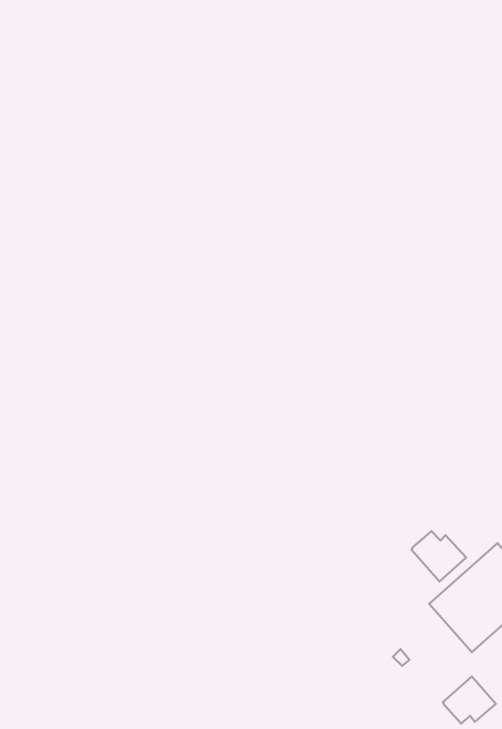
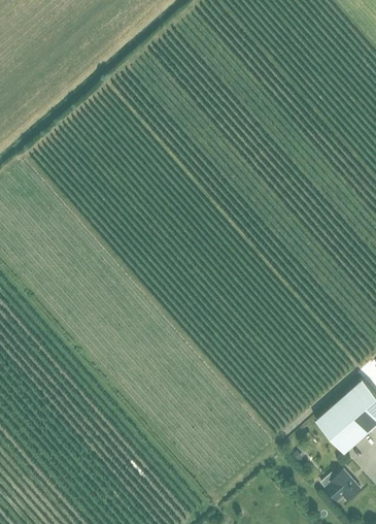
building: [412,531,466,581] -> none

